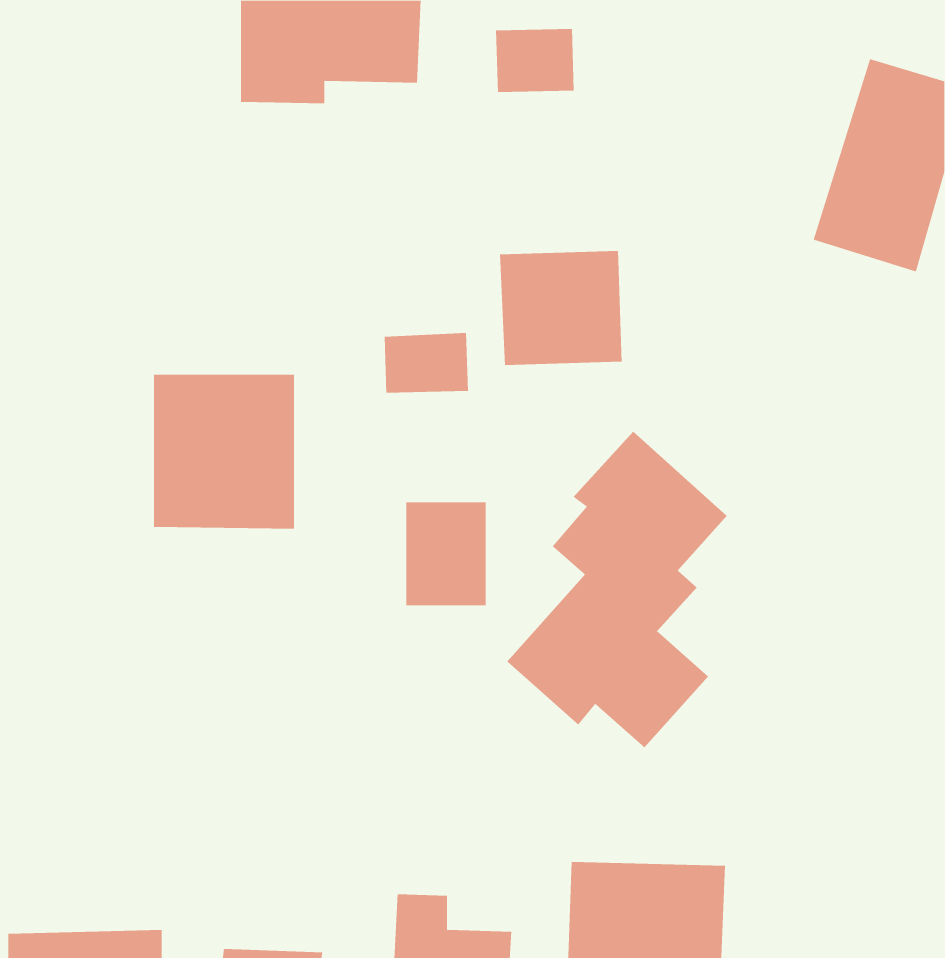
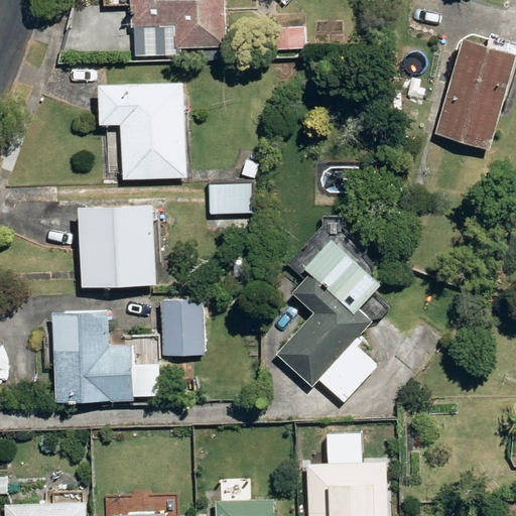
building: none -> [97,82,187,181]
building: [500,250,622,366] -> none
building: [405,502,487,606] -> [157,299,201,355]
building: none -> [50,308,160,403]

